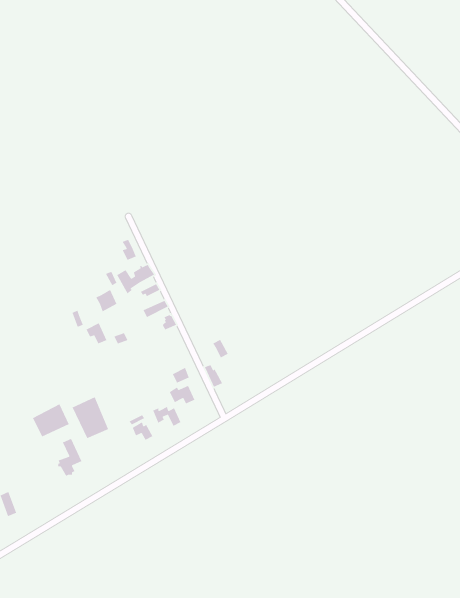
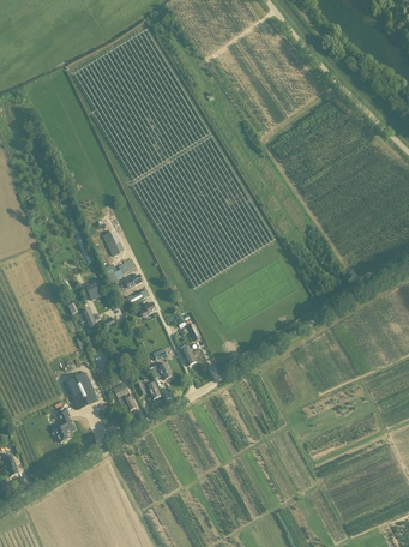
building: [32,403,70,438] -> none

